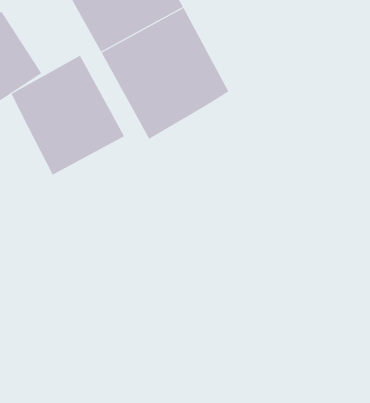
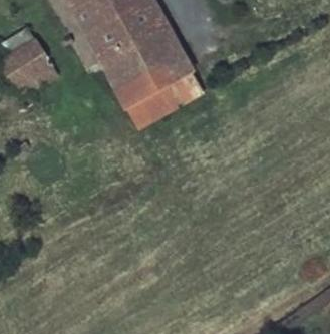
building: [11,55,125,176] -> none

